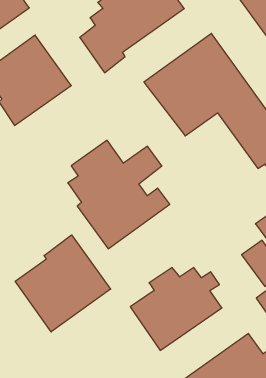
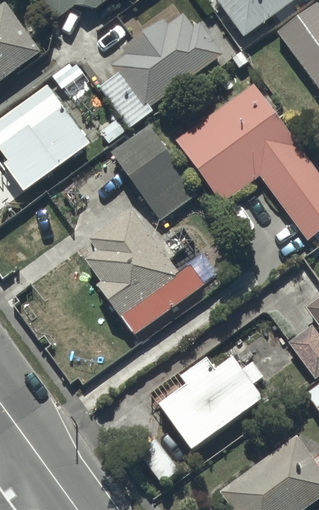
building: none -> [111,127,195,220]
building: [15,235,111,332] -> none

